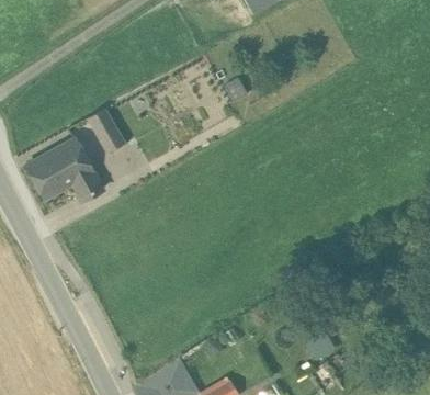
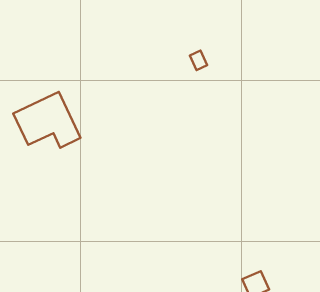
building: [87,111,123,154] -> none

